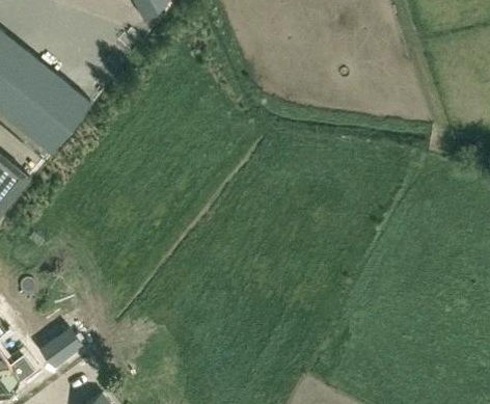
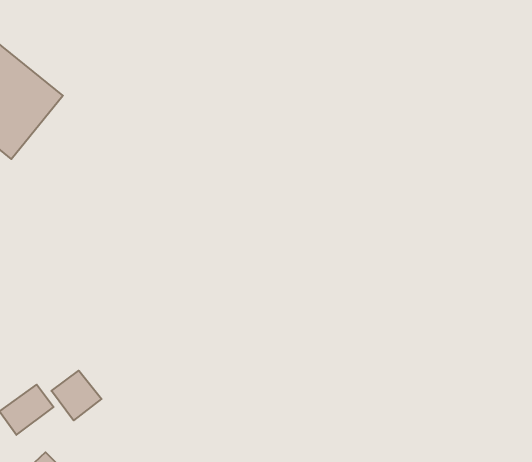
building: none -> [51,371,102,420]

